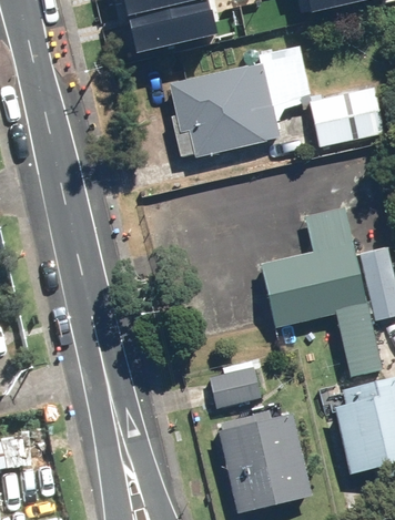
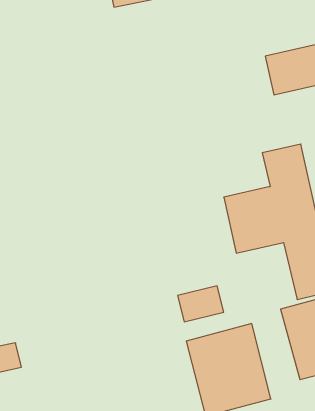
building: [169,45,312,154] -> none

